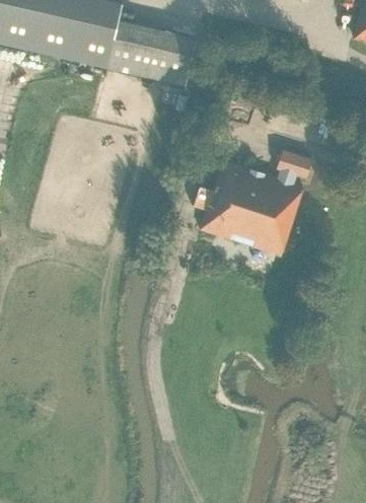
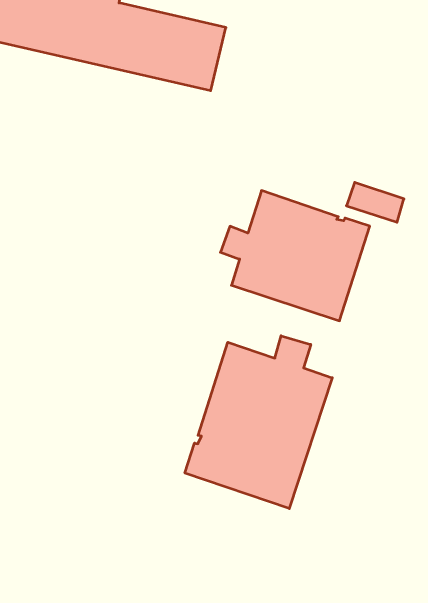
building: none -> [185,336,332,509]

